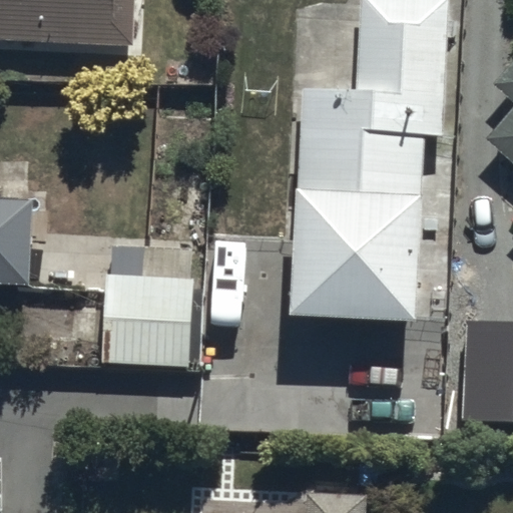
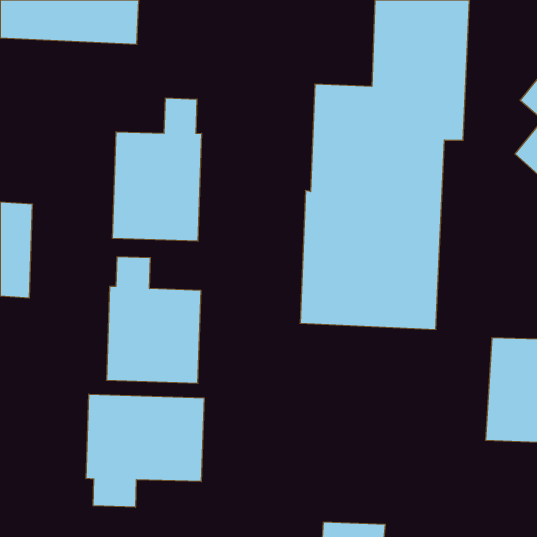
building: none -> [113,98,202,241]
building: none -> [86,394,204,507]

